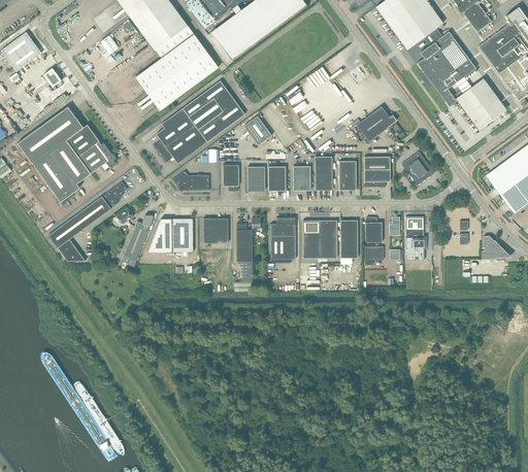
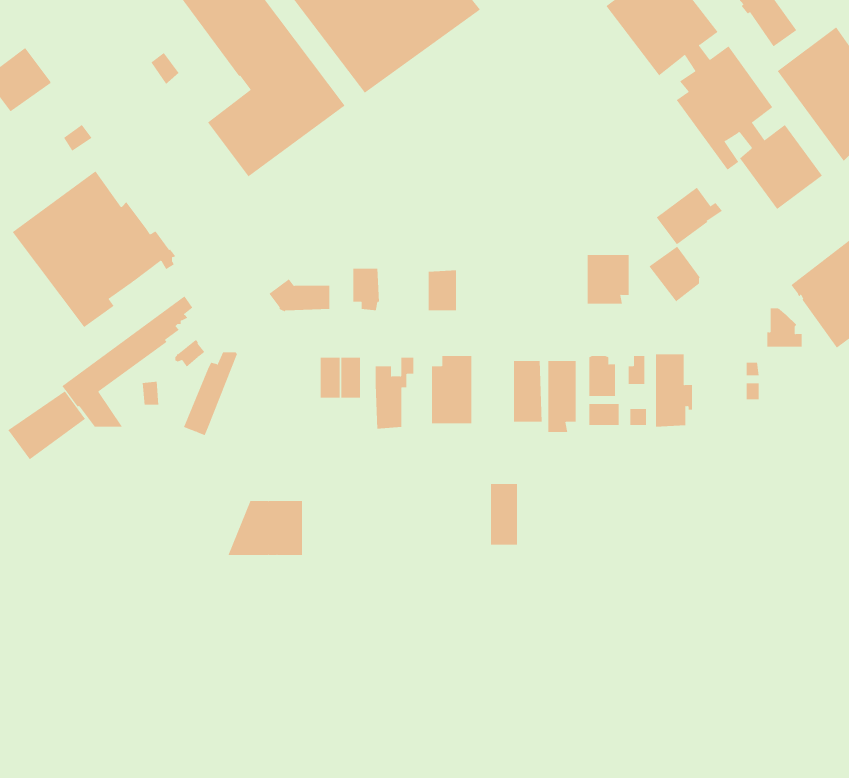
building: [154,79,244,163] -> none
building: [357,105,397,140] -> [656,187,723,245]
building: [243,115,272,145] -> none
building: [315,156,332,190] -> none
building: [339,160,356,189] -> none
building: [293,165,310,190] -> none
building: [248,166,265,190] -> none
building: [147,217,193,250] -> [227,501,303,555]
building: [303,220,320,257] -> [490,484,518,545]
building: [482,235,503,259] -> [766,308,802,347]
building: none -> [7,390,86,460]

